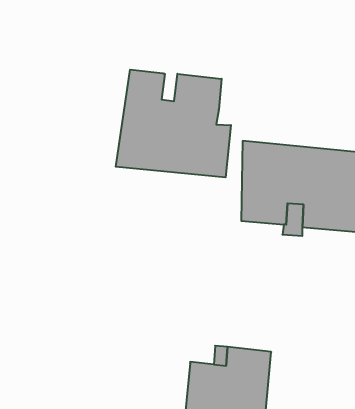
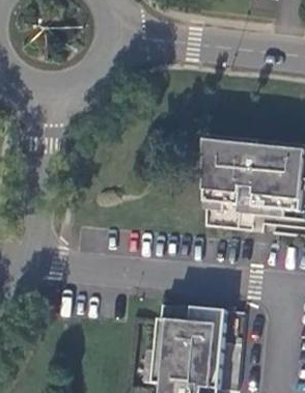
building: [116,70,231,177] -> none

